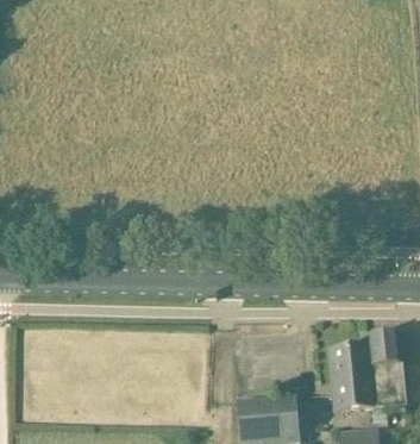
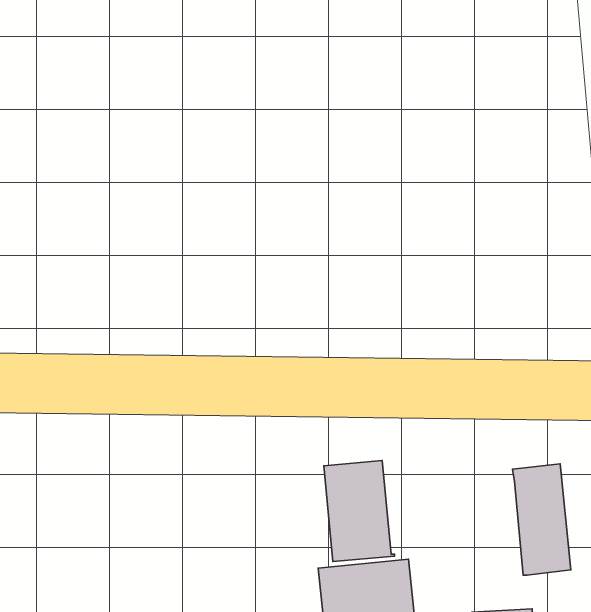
building: [328,342,376,409] -> [324,461,395,561]

